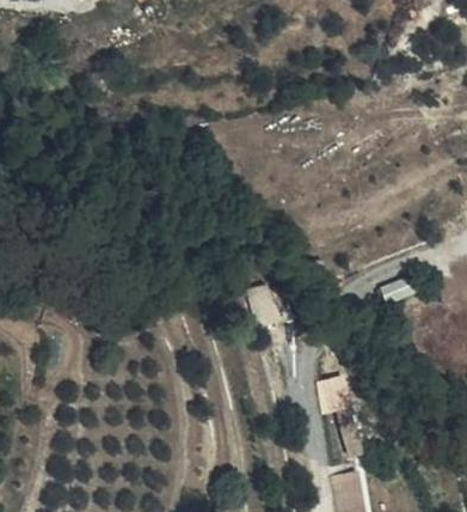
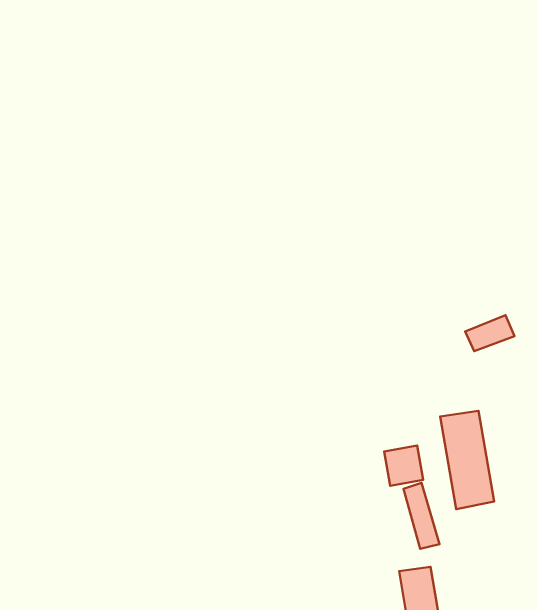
building: none -> [440,411,494,509]

